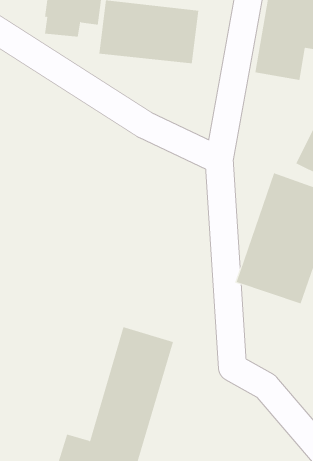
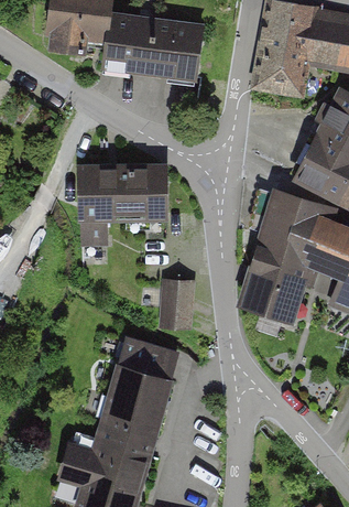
building: none -> [80,164,166,244]
building: none -> [160,276,195,324]

